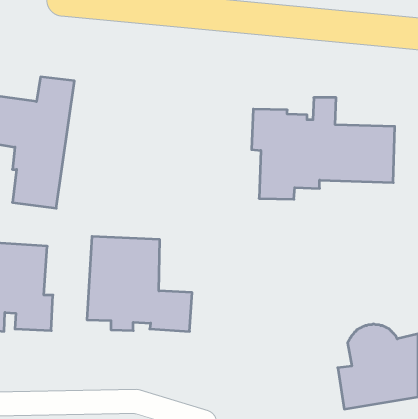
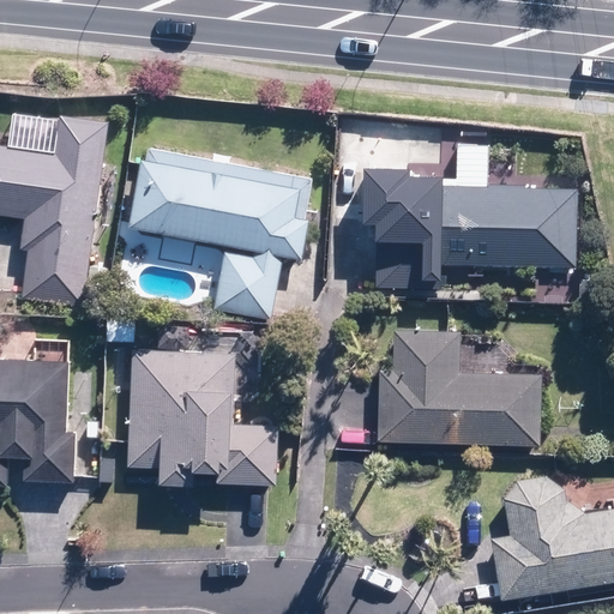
building: none -> [131,148,311,321]
building: none -> [377,327,538,445]

